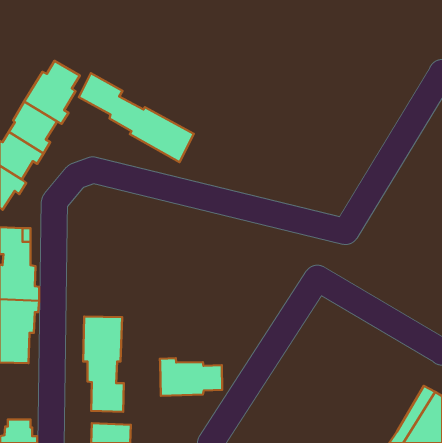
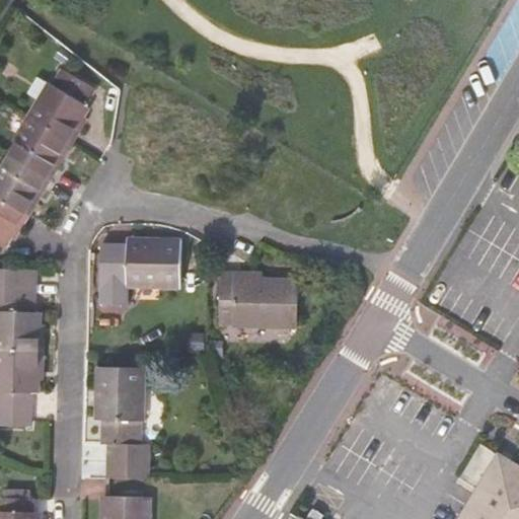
building: [79,73,194,162] -> none
building: none -> [91,241,186,305]
building: none -> [220,273,296,326]
building: [160,358,222,396] -> none

